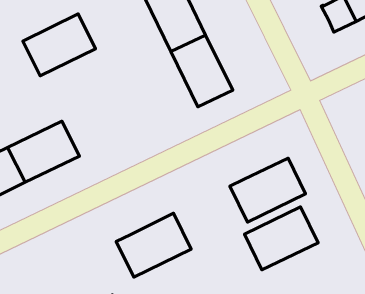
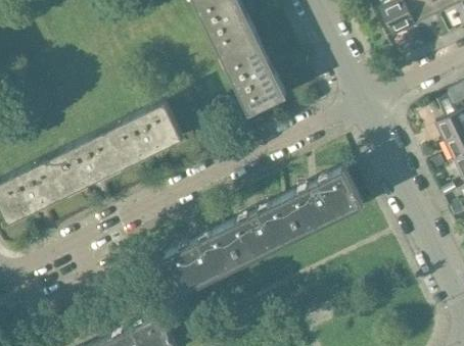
building: [23,14,96,76] -> [106,101,183,166]
building: [244,207,318,270] -> [224,198,301,264]

